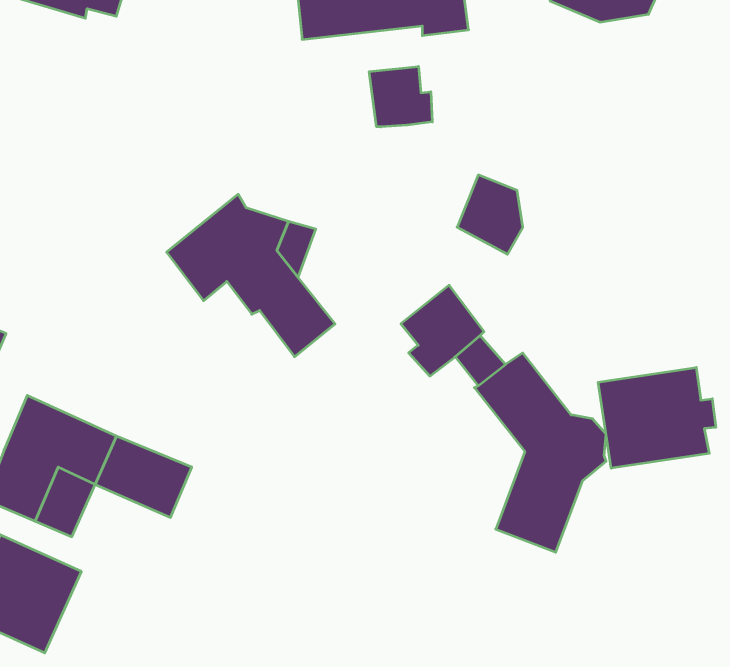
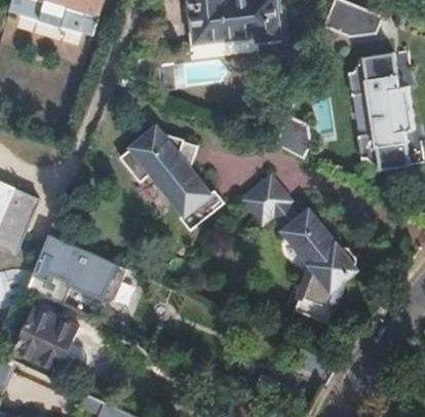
building: none -> [348,53,414,169]
building: [369,66,432,127] -> none
building: [598,367,716,468] -> none

